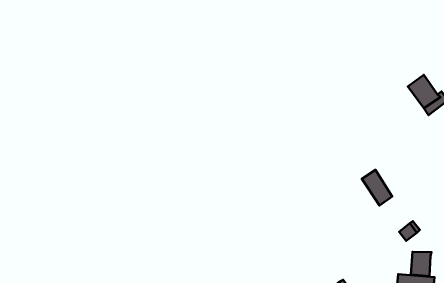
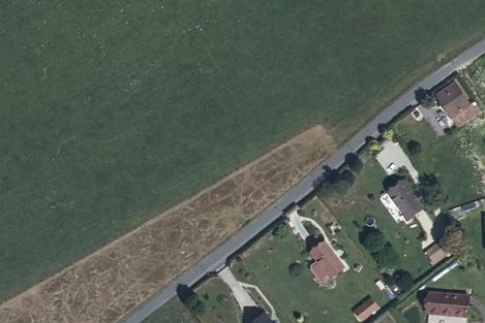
building: none -> [309,241,342,280]
building: [411,252,432,276] -> none

